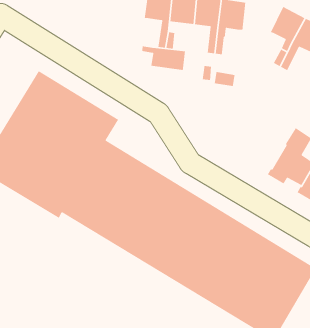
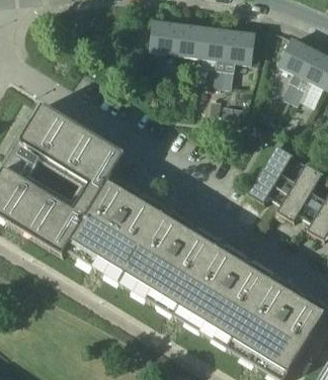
building: [141,45,186,71] -> none
building: none -> [246,145,296,205]

